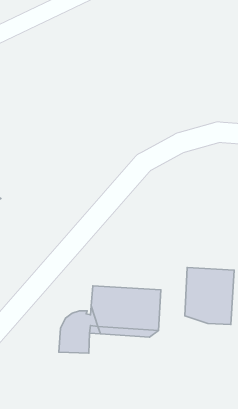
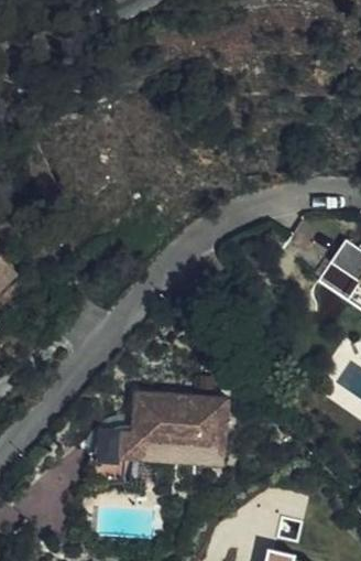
building: [185,267,234,324] -> none

